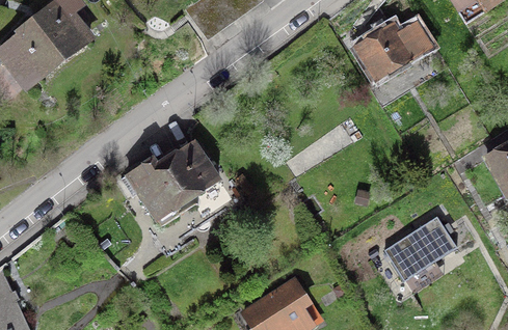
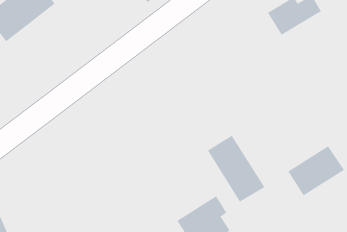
building: [121,142,220,227] -> none
building: none -> [207,135,265,203]

